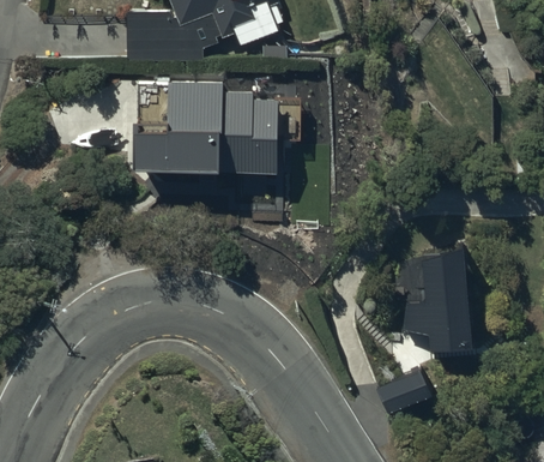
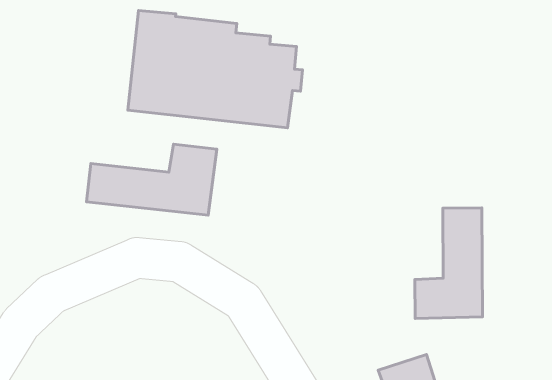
building: none -> [86,144,217,215]

